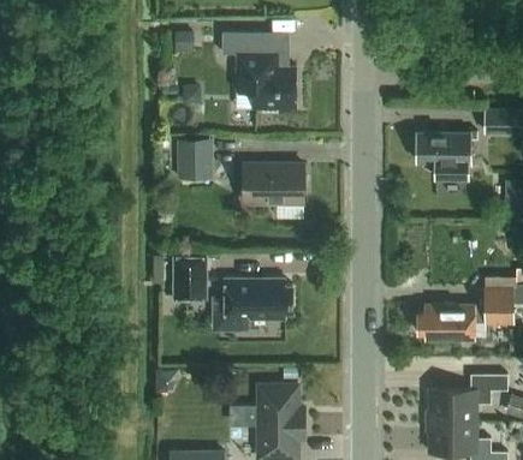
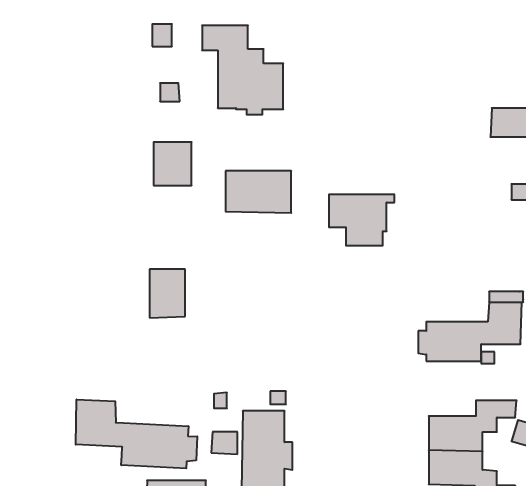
building: [420,131,480,178] -> [329,194,394,246]
building: [225,279,292,318] -> none
building: none -> [76,399,197,468]

